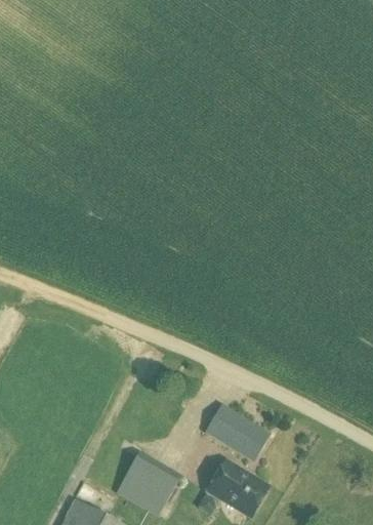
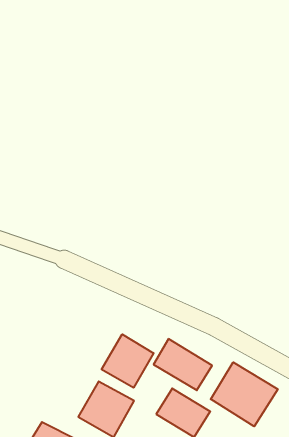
building: none -> [102,334,154,388]
building: none -> [211,362,278,426]

